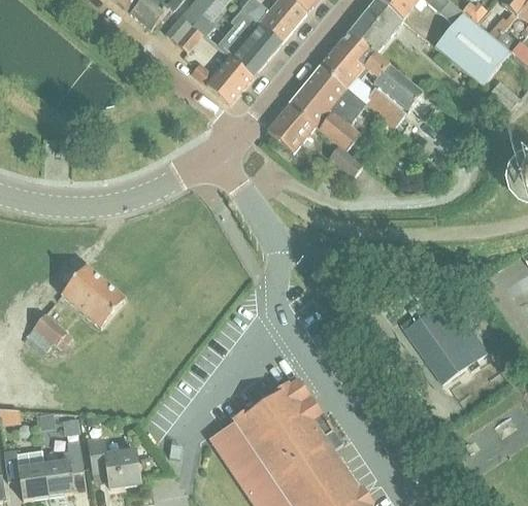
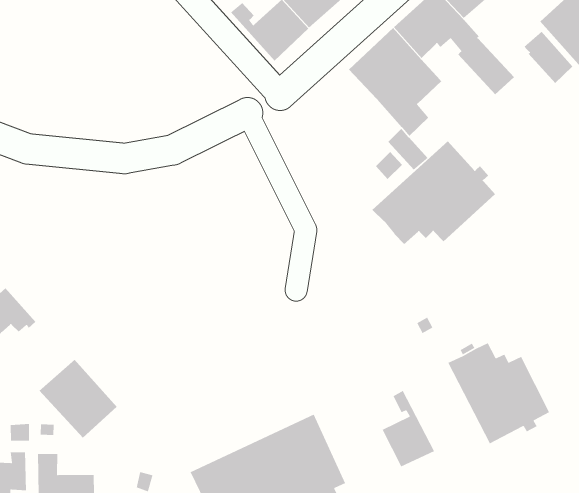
building: [363,88,404,128] -> [524,31,573,84]
building: [267,104,315,151] -> none
building: none -> [372,140,496,245]
building: [60,265,124,327] -> [39,359,118,439]
building: none -> [382,390,435,468]

